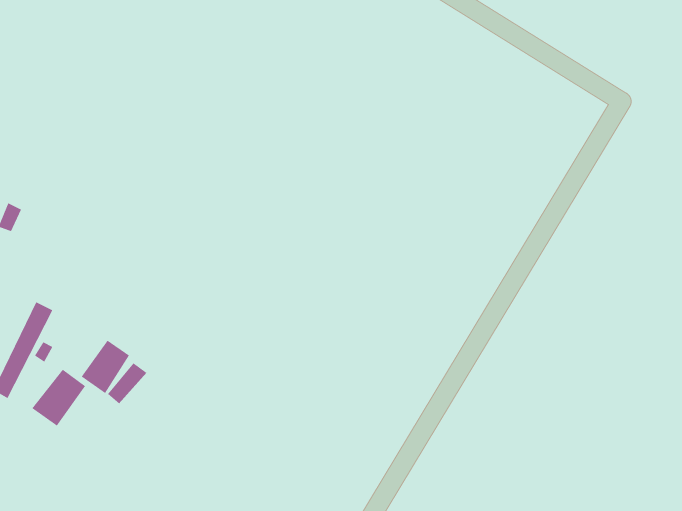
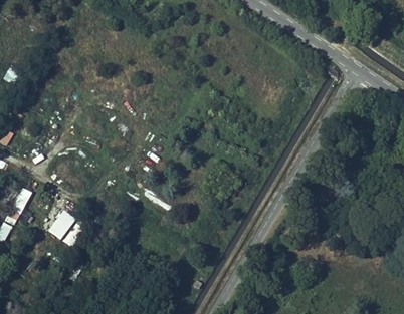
building: [31,369,86,427] -> none

